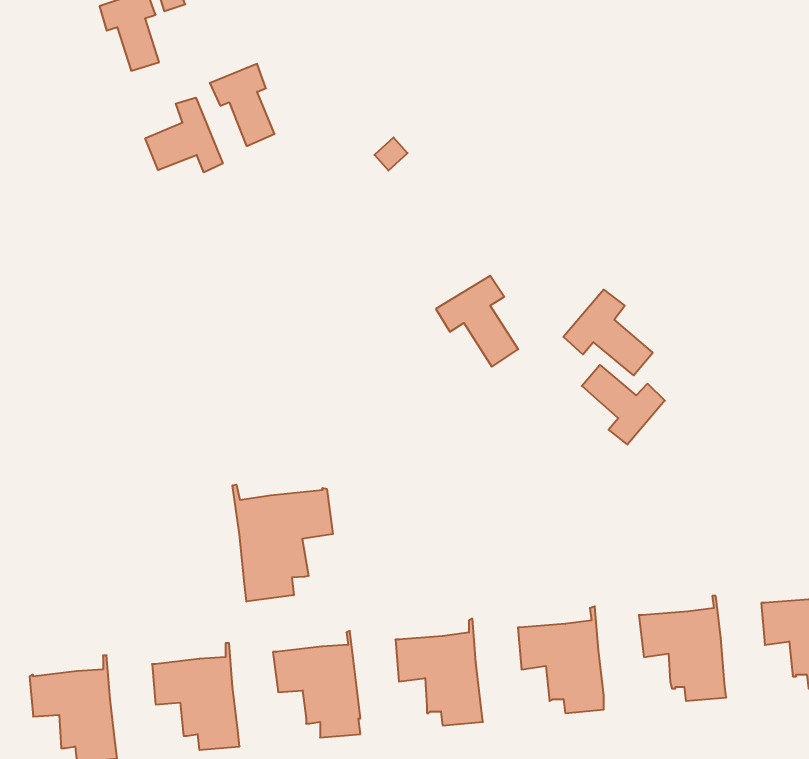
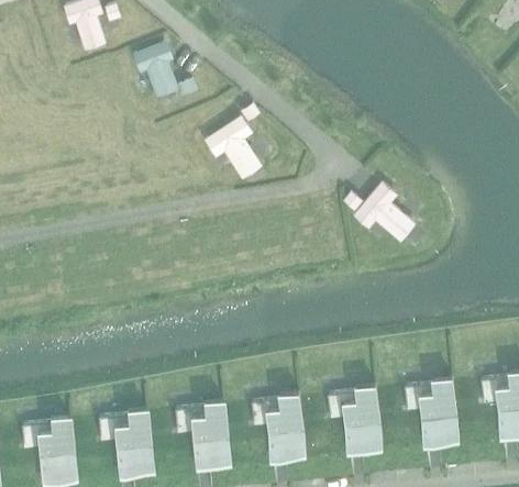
building: [145,98,223,172] -> none
building: [436,276,518,367] -> [206,118,257,175]
building: [582,365,665,445] -> none
building: [232,485,333,602] -> none

